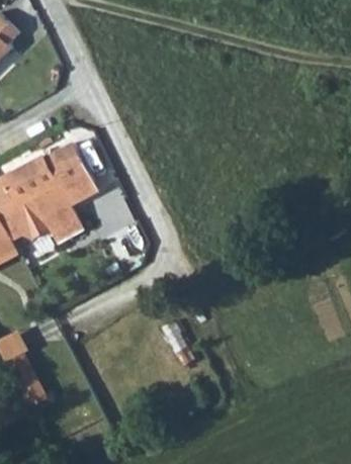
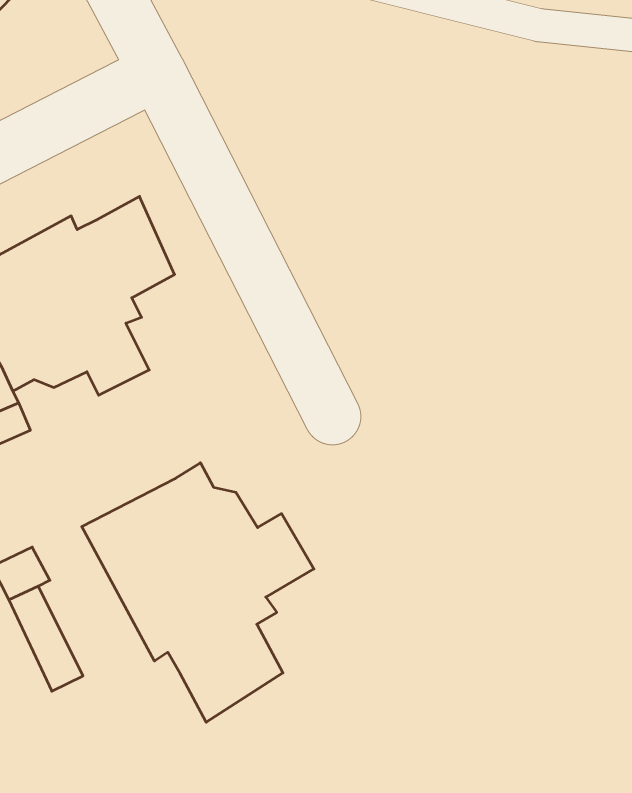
building: none -> [82,463,314,722]

